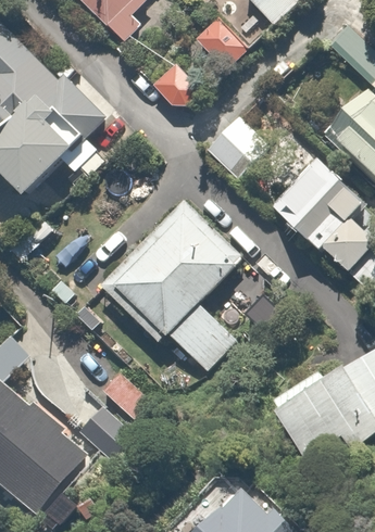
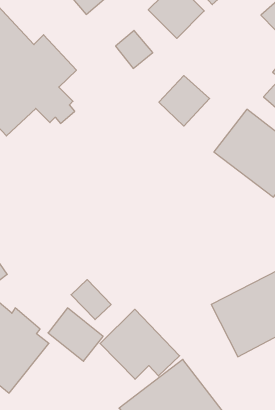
building: [100,198,246,379] -> none
building: none -> [100,309,180,379]

